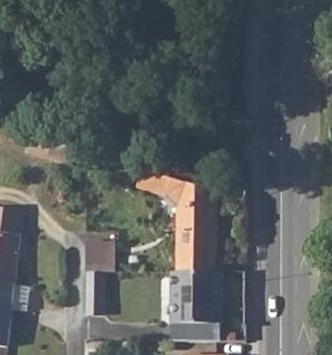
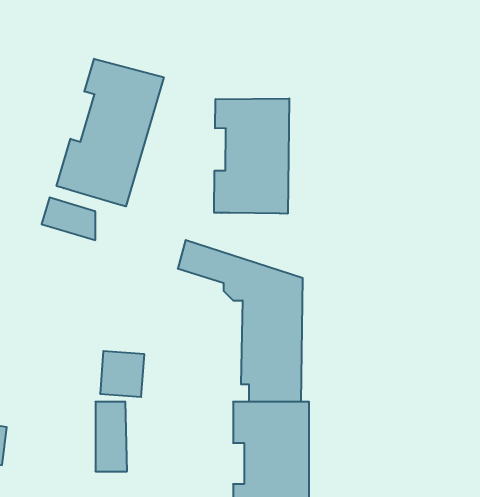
building: none -> [57,59,164,206]
building: none -> [214,98,289,214]

